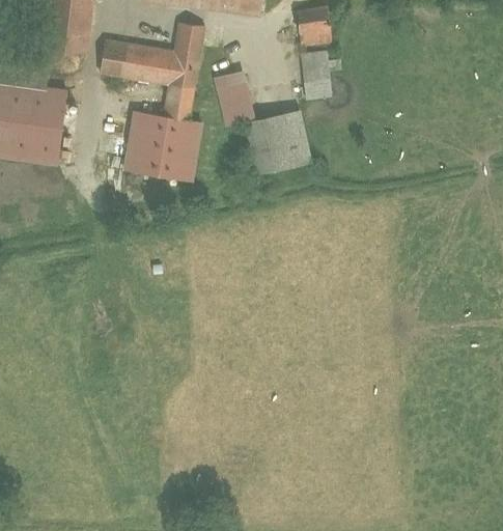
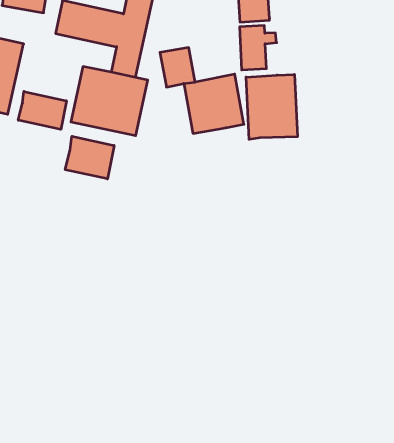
building: none -> [246,74,297,139]
building: none -> [18,91,66,129]
building: none -> [65,136,114,179]

